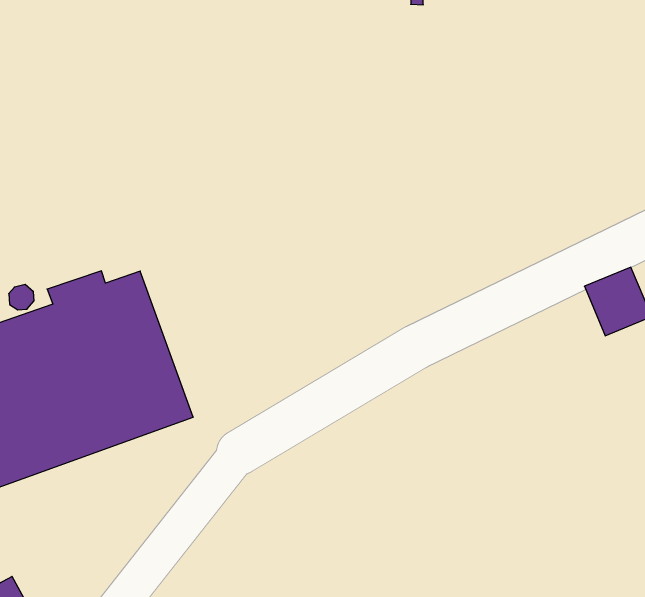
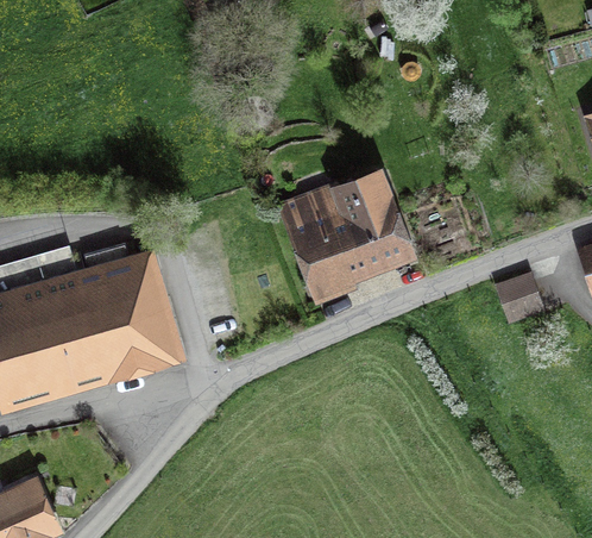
building: none -> [277,164,417,306]

